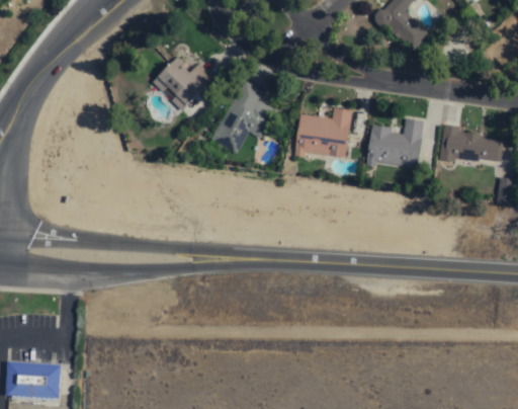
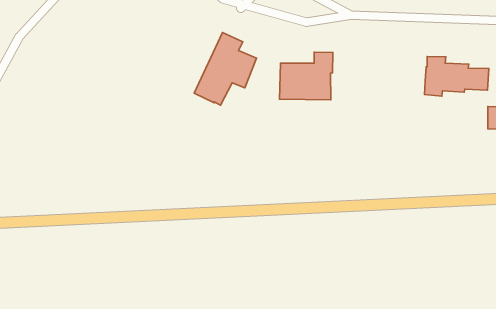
building: [153,58,213,110] -> none
building: [366,117,424,168] -> none

